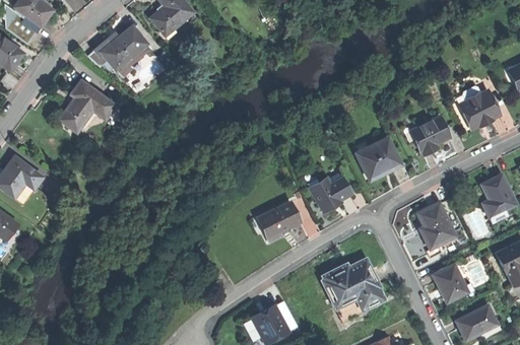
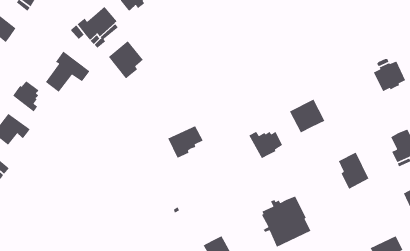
building: none -> [108,40,144,79]
building: none -> [12,81,39,113]
building: [412,118,451,155] -> none
building: [257,202,302,244] -> [167,125,204,159]
building: [434,265,468,302] -> none

